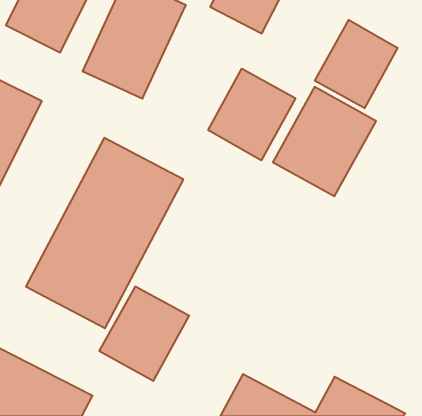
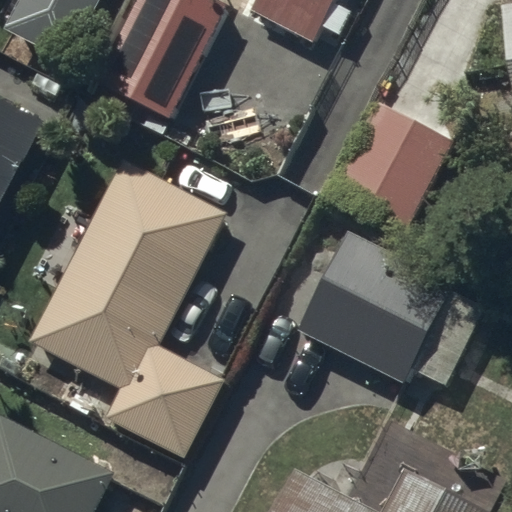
building: [315,20,398,108] -> none
building: [208,69,295,160] -> none
building: none -> [296,233,480,382]

